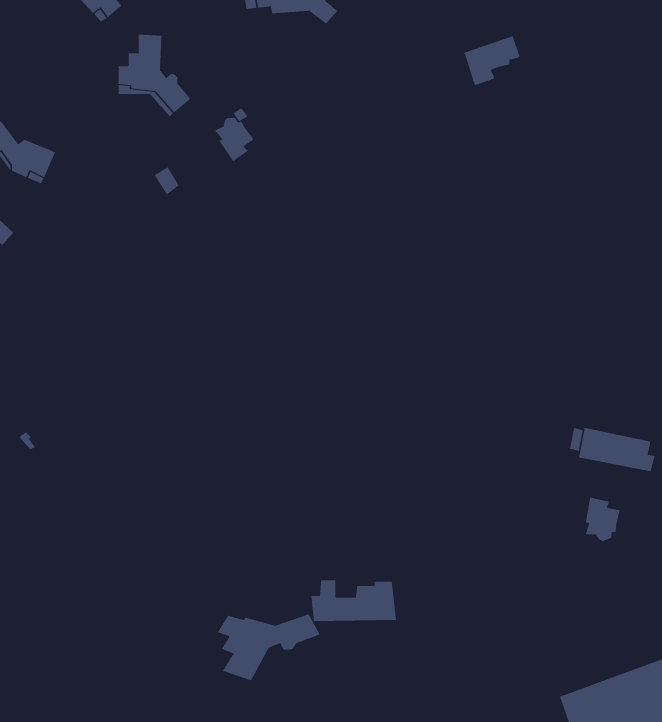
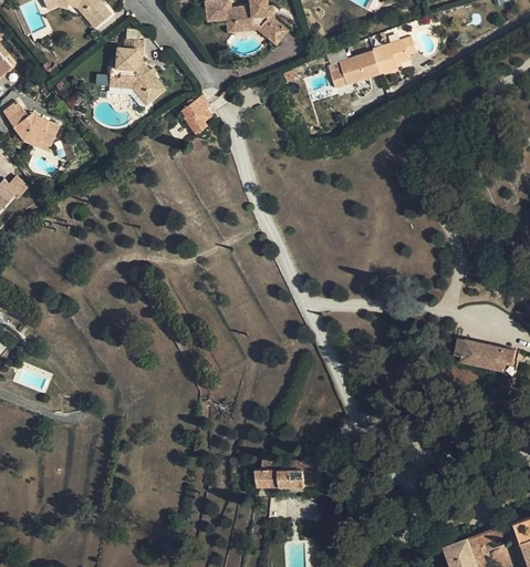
building: none -> [225,19,284,40]
building: none -> [328,52,380,89]
building: [585,497,620,542] -> none
building: [217,613,321,681] -> none

